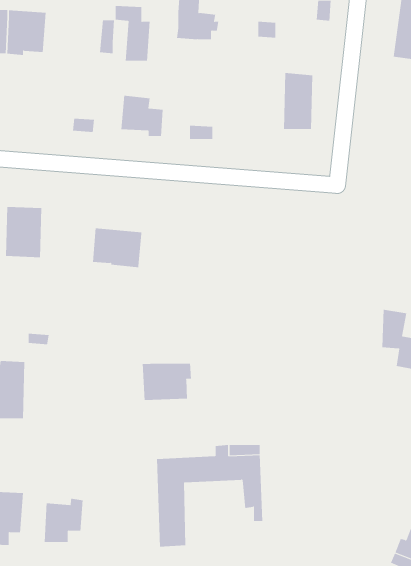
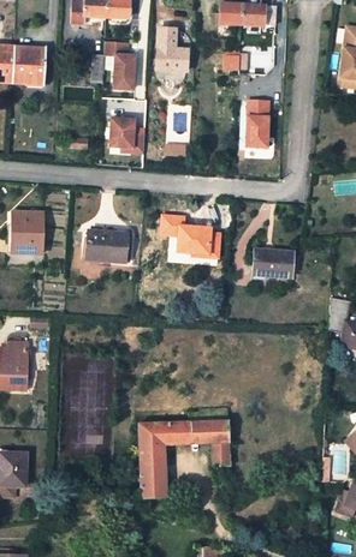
building: none -> [162,224,213,253]
building: none -> [253,250,293,277]
building: [142,363,191,401] -> none
building: [44,498,83,543] -> none

